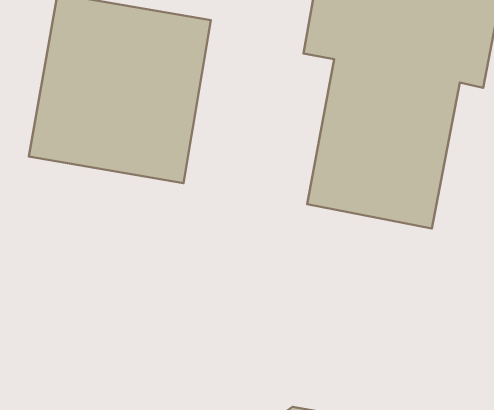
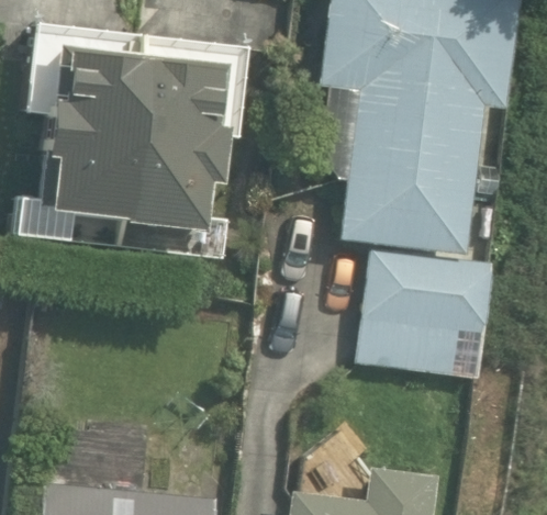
building: none -> [358,255,507,370]

